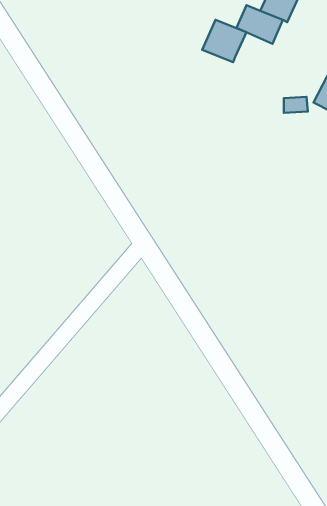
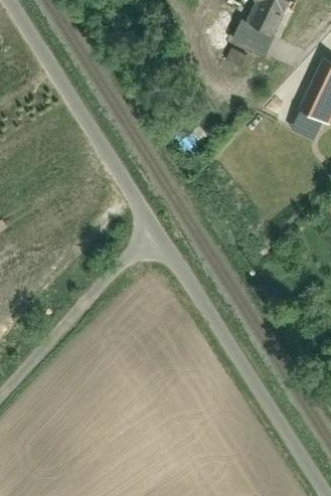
building: [202,20,246,62] -> none

